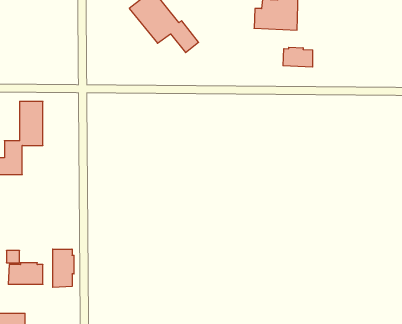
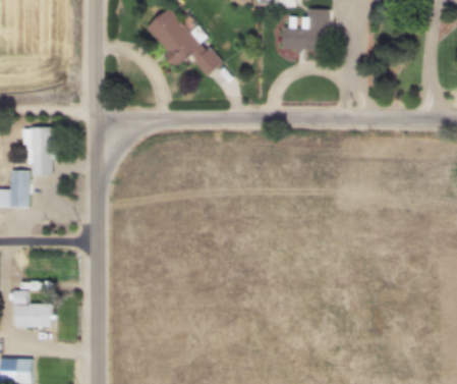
building: [283,47,313,67] -> none
building: [53,249,74,287] -> none

